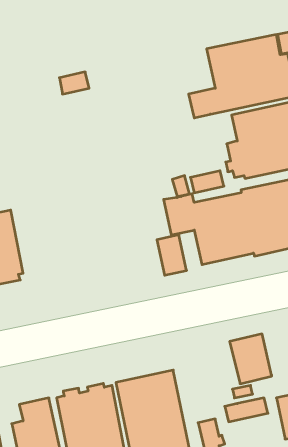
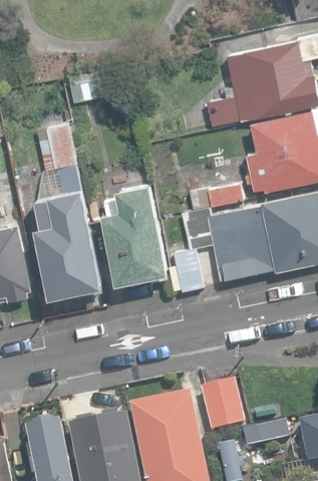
building: none -> [25,125,103,298]
building: none -> [101,182,170,284]
building: [230,334,272,384] -> [200,380,244,432]

